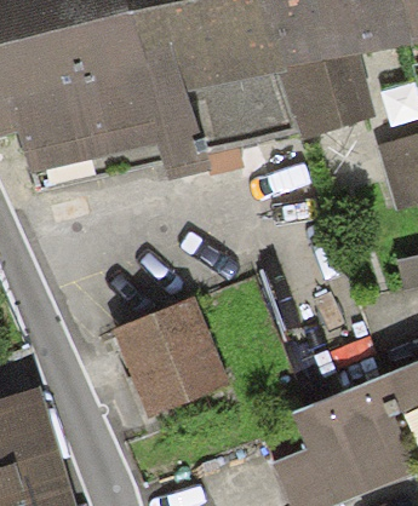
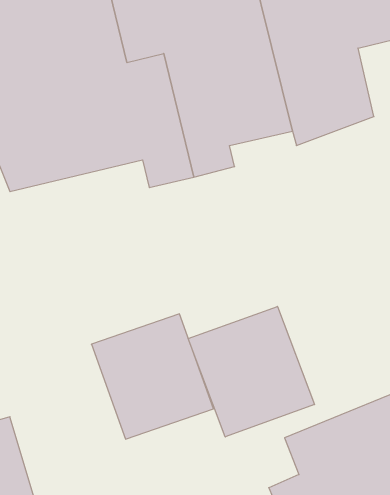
building: none -> [188,306,314,437]

